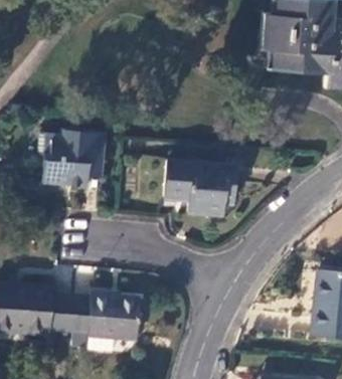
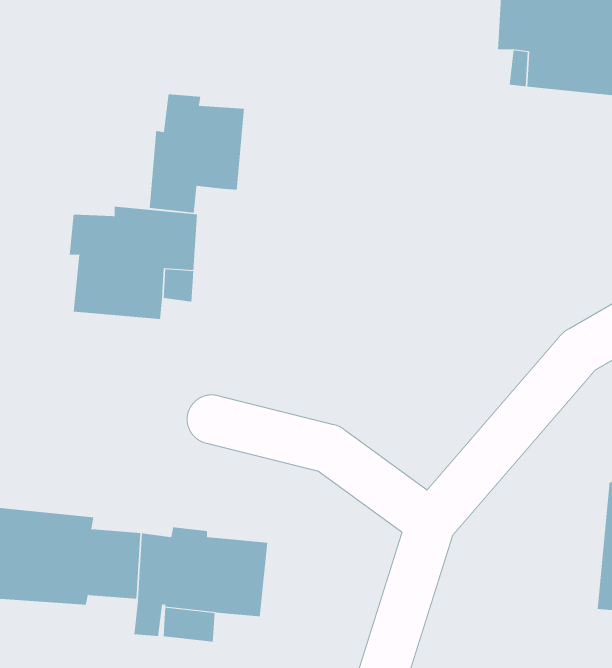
building: none -> [149,93,245,214]
building: [163,158,236,215] -> none

